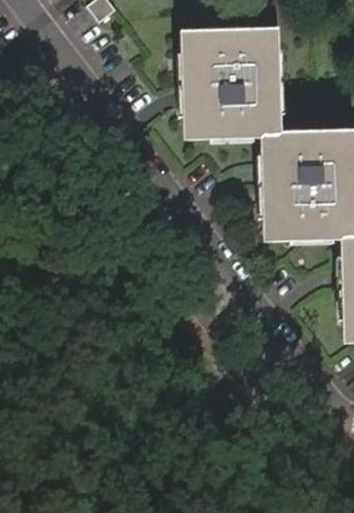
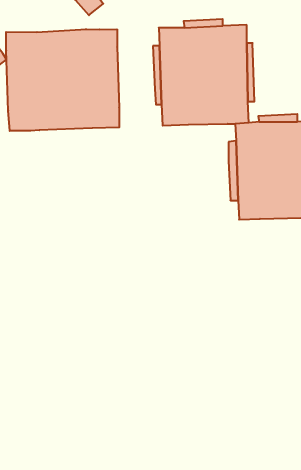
building: none -> [6,29,119,131]

